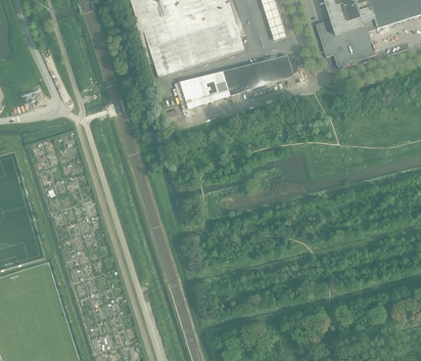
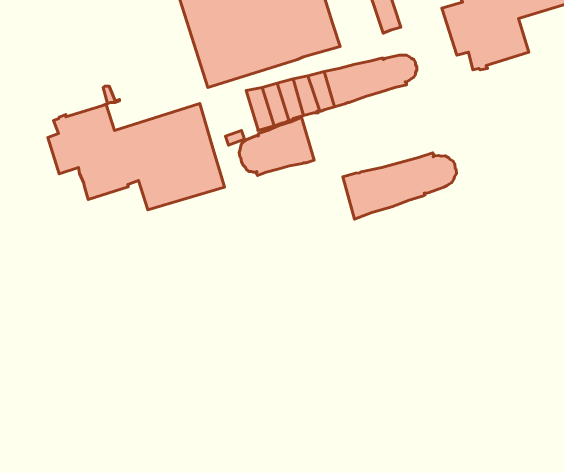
building: none -> [48,104,225,210]
building: none -> [239,117,314,175]
building: none -> [343,153,457,219]

